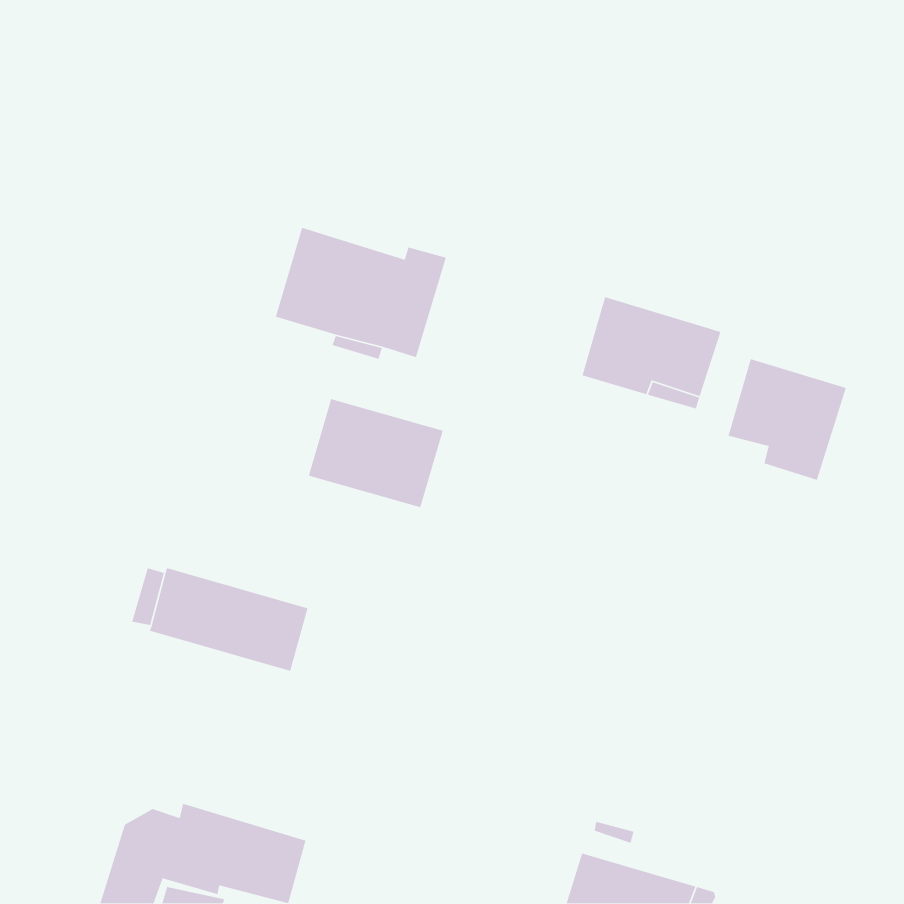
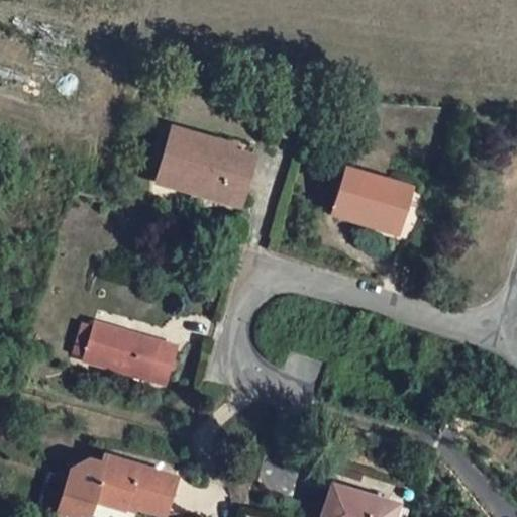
building: [728,358,847,481] -> none
building: [308,398,444,508] -> none

